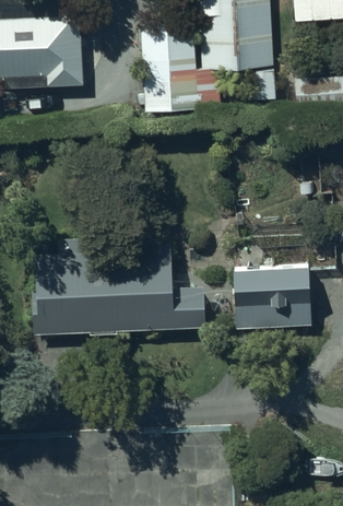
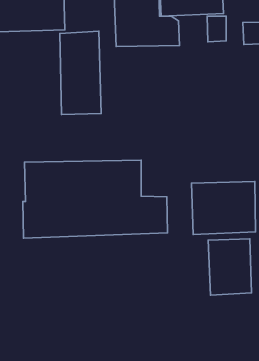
building: none -> [60,31,101,115]
building: none -> [208,239,251,295]

